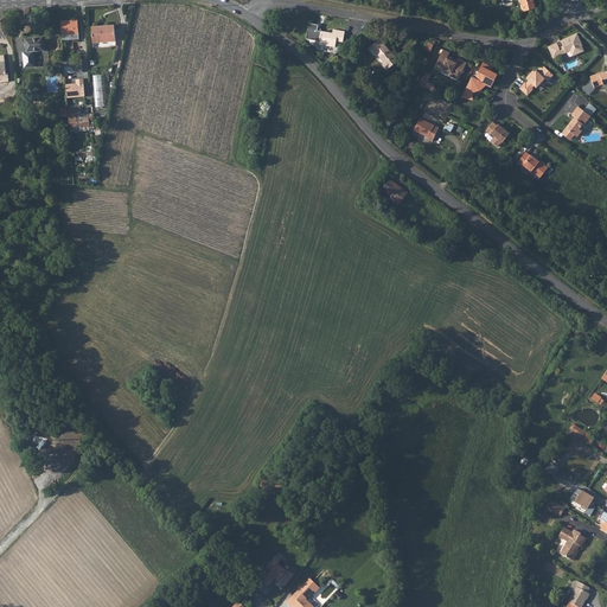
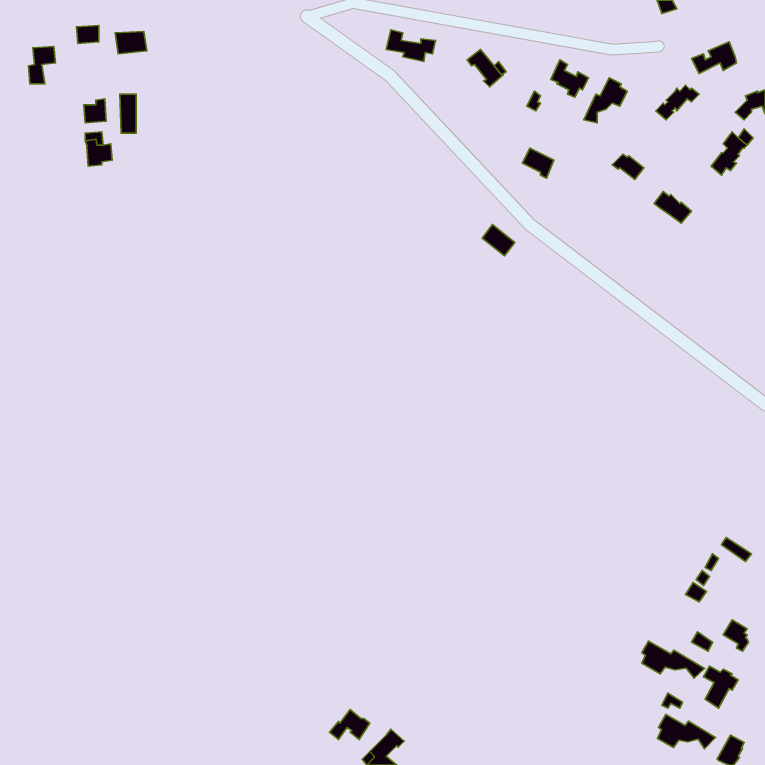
building: none -> [642,641,705,678]
building: none -> [657,714,715,749]

